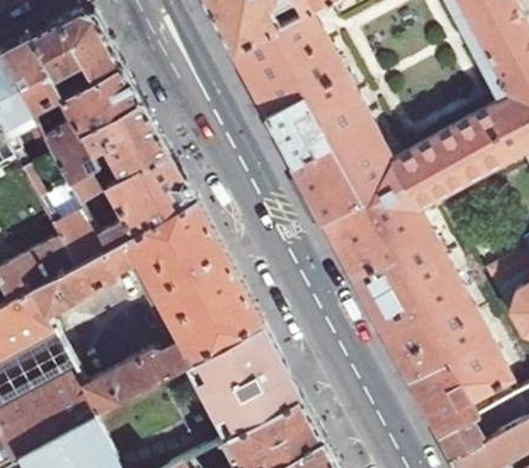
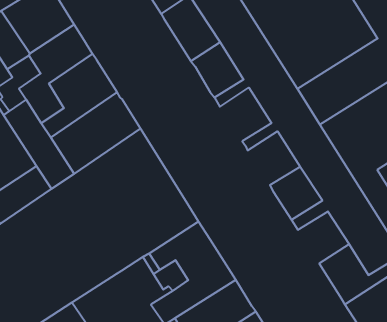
building: [296,158,359,224] -> none
building: [327,215,392,282] -> none
building: [383,320,447,384] -> none

